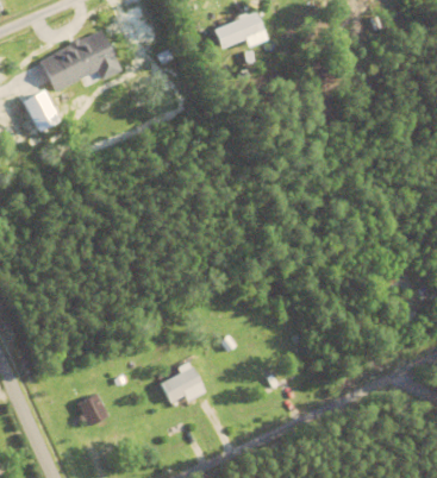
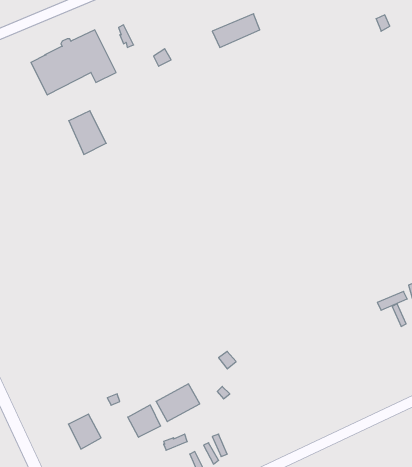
building: [23,92,58,133] -> [69,111,106,154]
building: none -> [128,405,161,437]

